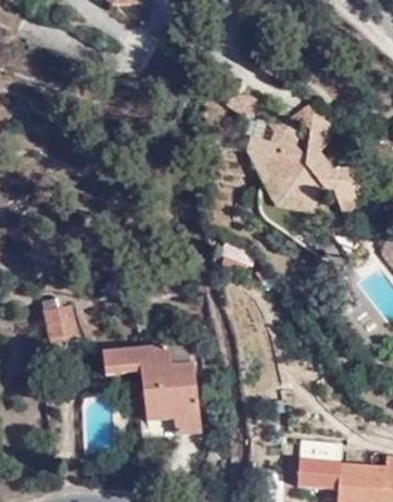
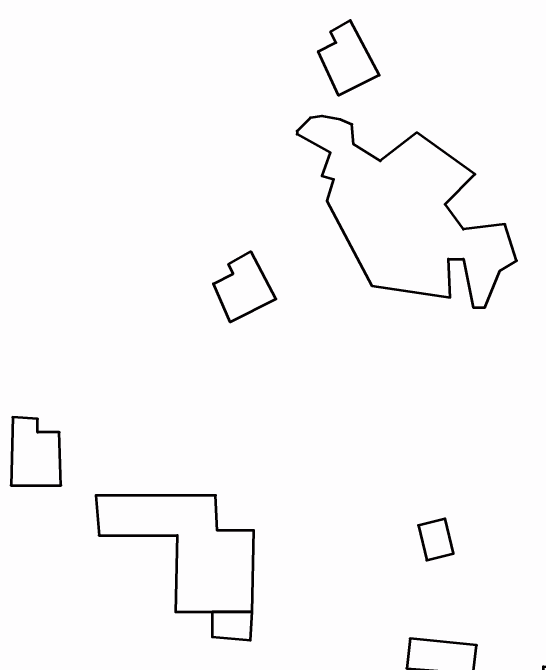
building: none -> [318,20,379,95]
building: none -> [213,252,276,322]

